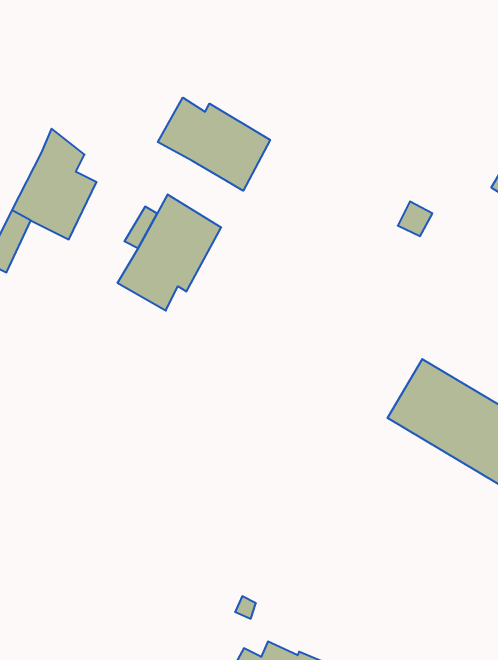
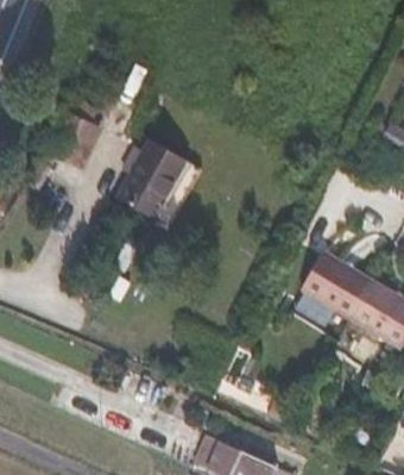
building: [158,98,270,191] -> none

